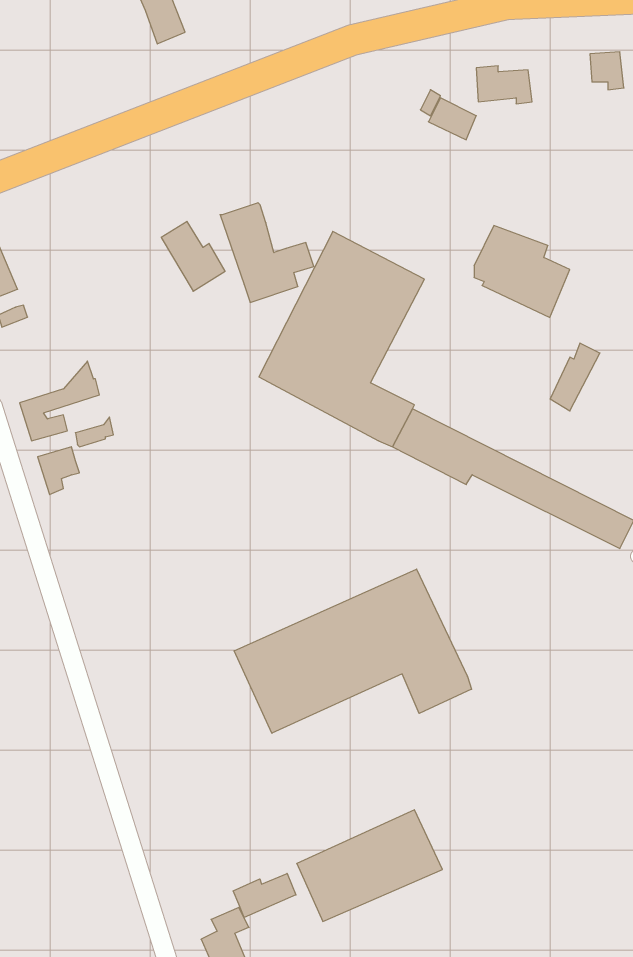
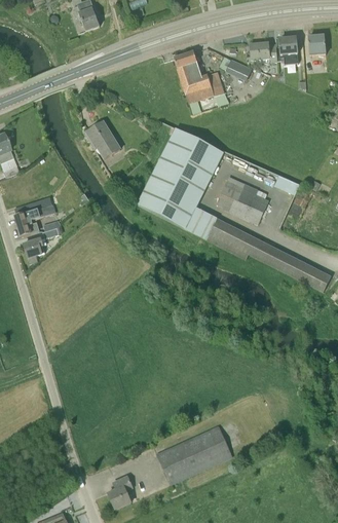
building: none -> [276,37,298,64]
building: [220,203,314,302] -> [174,51,222,103]
building: [474,226,570,317] -> [219,177,268,224]
building: [234,569,472,733] -> none
building: [233,873,296,918] -> none

